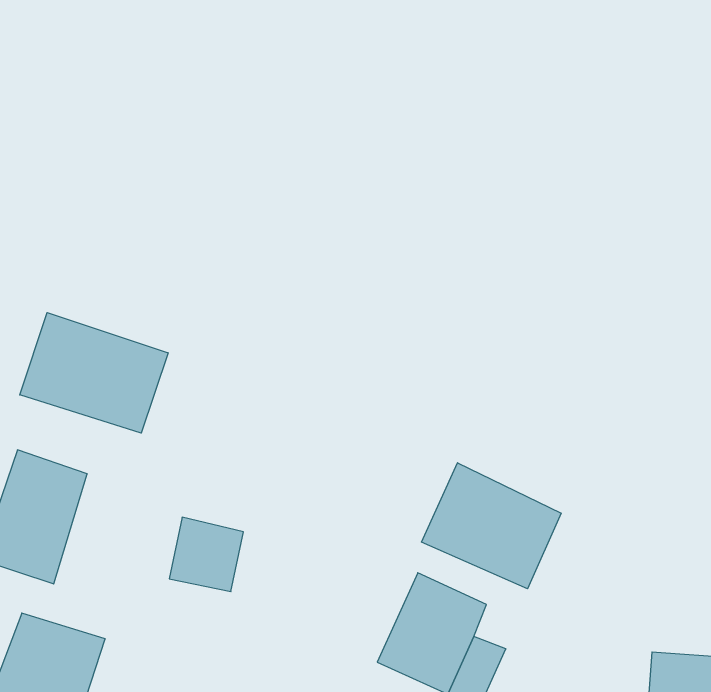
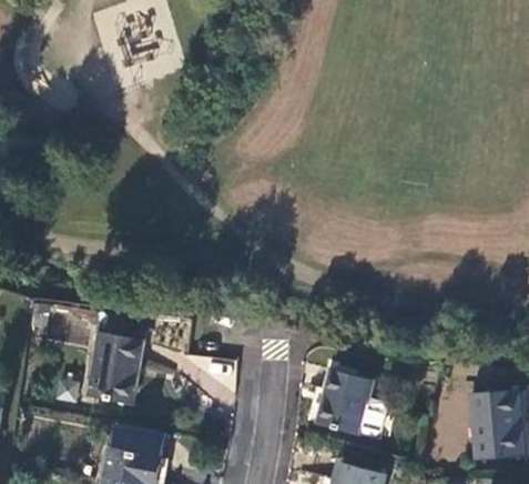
building: [20,313,168,433] -> none
building: [422,463,561,589] -> none

